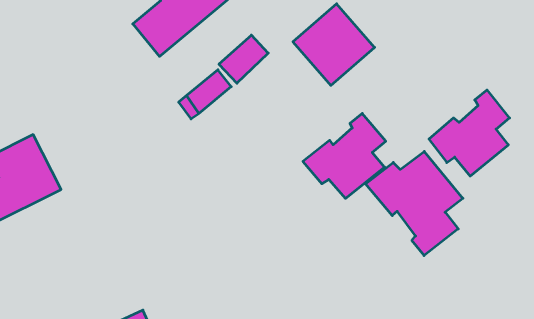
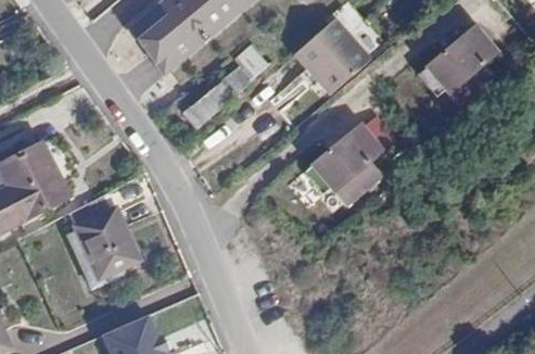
building: [429,90,510,176] -> [420,25,498,109]
building: [366,151,463,256] -> none
building: none -> [75,208,140,279]

